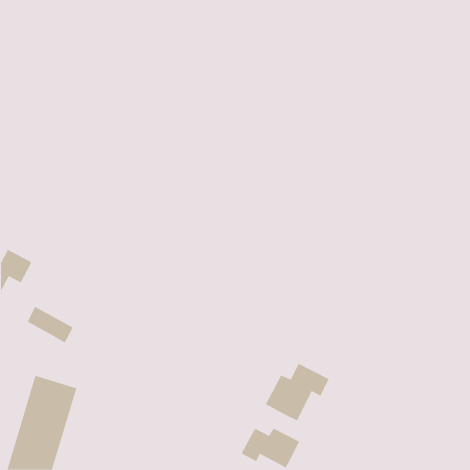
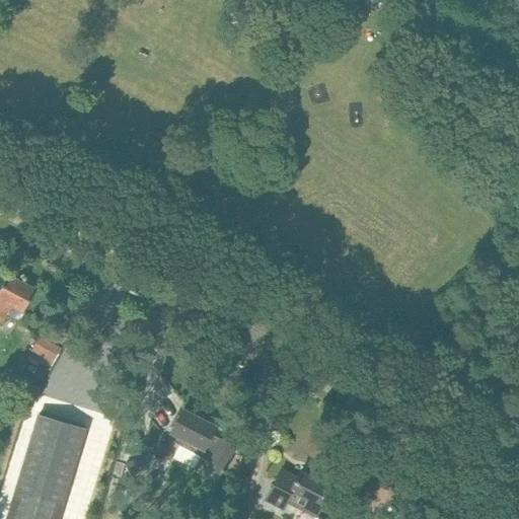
building: [265,362,330,421] -> none
building: none -> [168,411,235,475]

